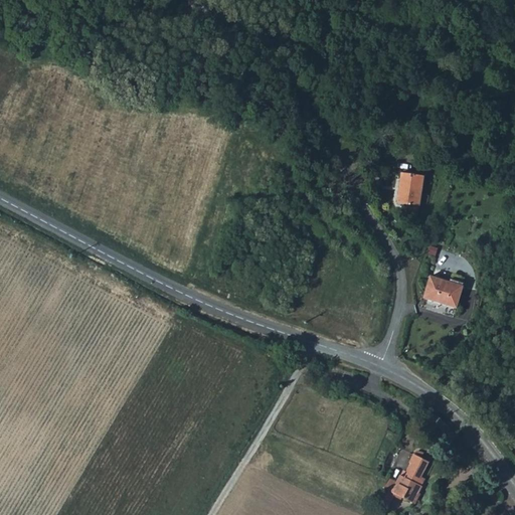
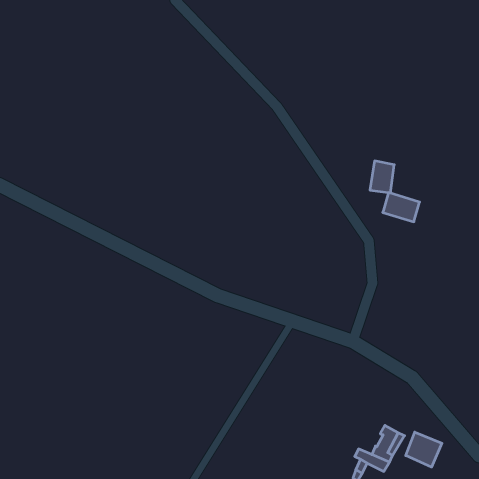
building: [422,271,462,302] -> [383,193,420,222]
building: none -> [406,432,442,467]

